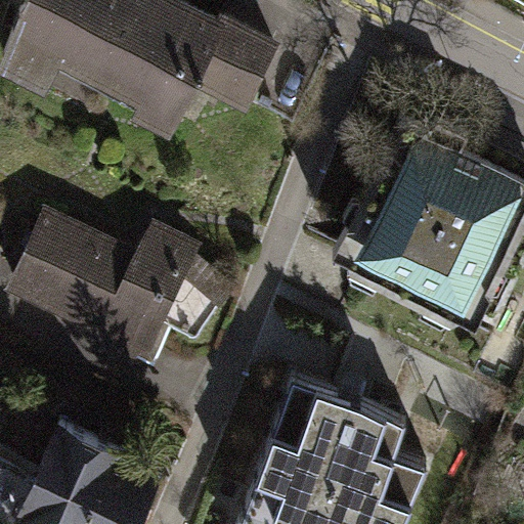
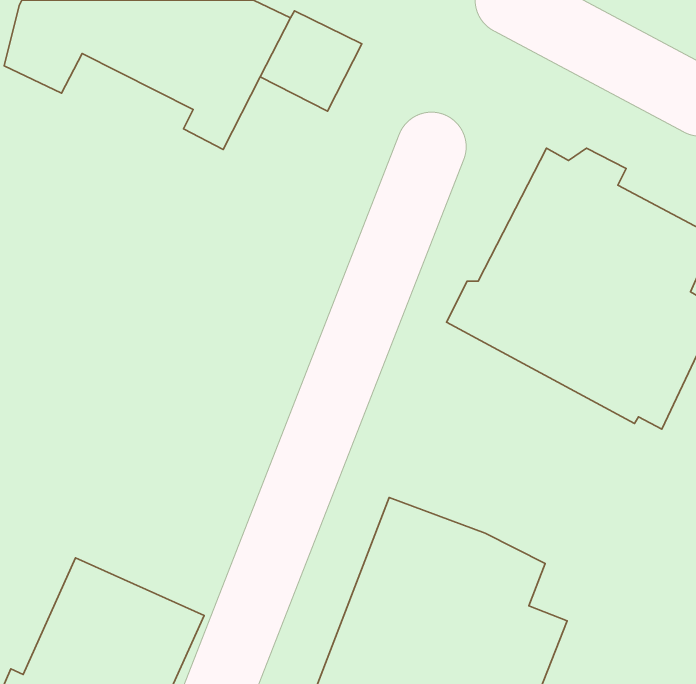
building: [12,221,194,358] -> none

